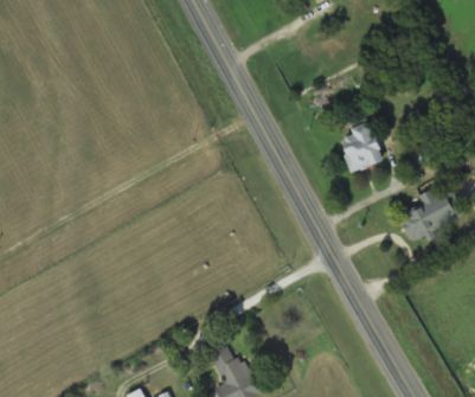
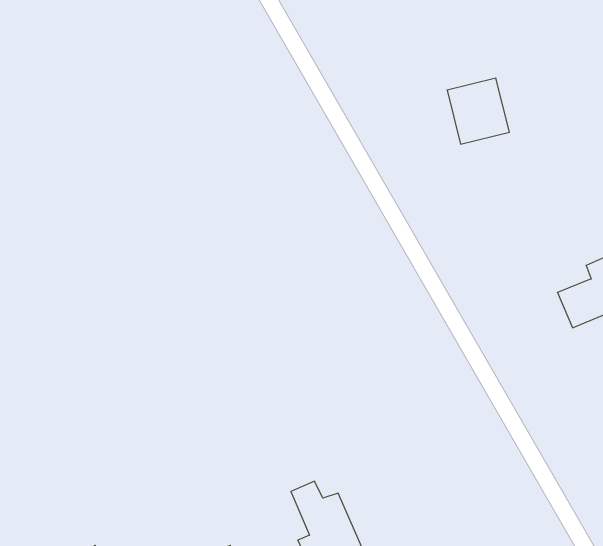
building: [340,127,384,173] -> [447,78,509,144]

